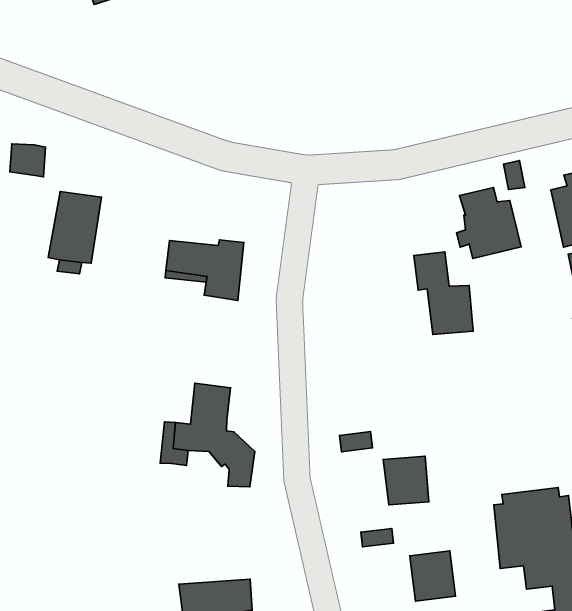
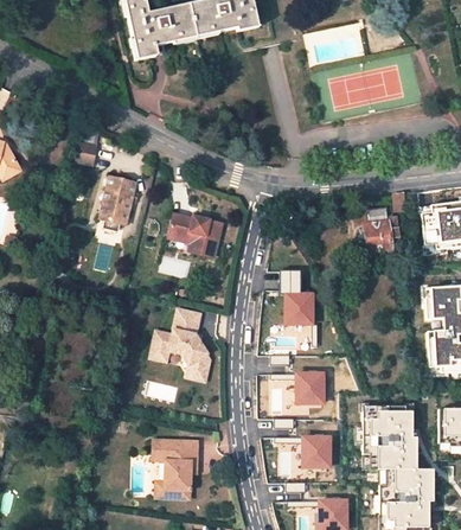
building: [414,252,473,334] -> [277,270,310,324]

